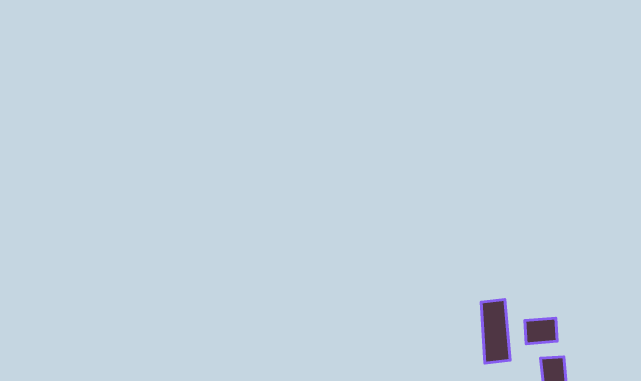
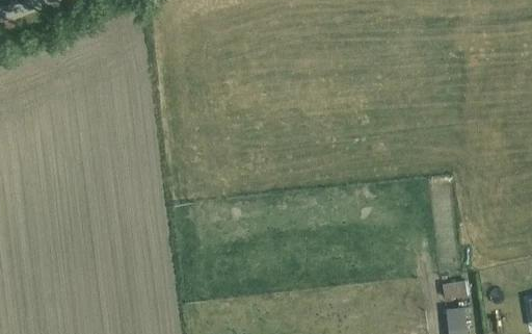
building: [481,299,510,363] -> none

